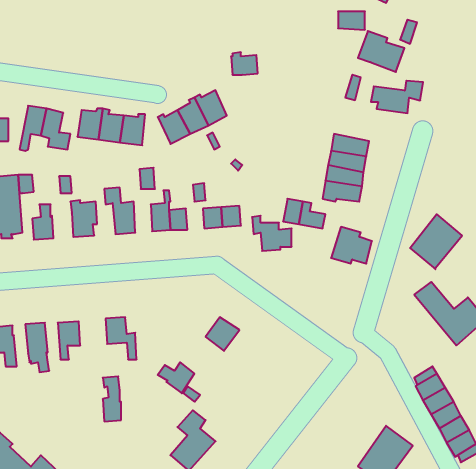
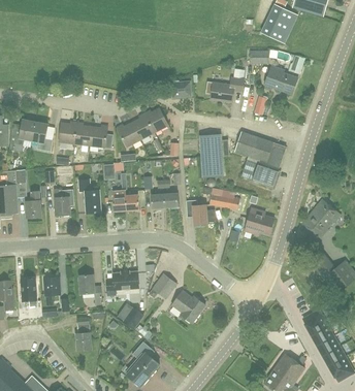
building: [371,81,423,113] -> [205,77,244,101]
building: none -> [202,130,224,171]
building: none -> [105,270,137,295]
building: none -> [170,290,205,323]

